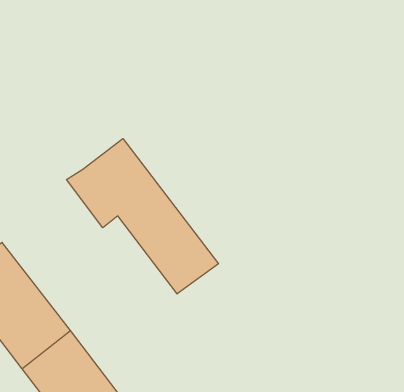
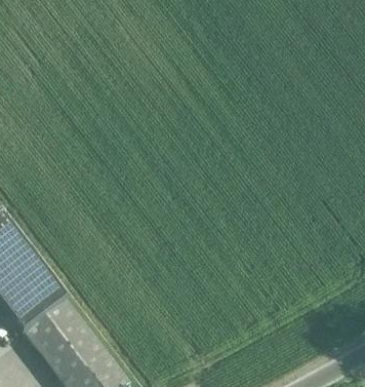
building: [67,139,218,294] -> none

